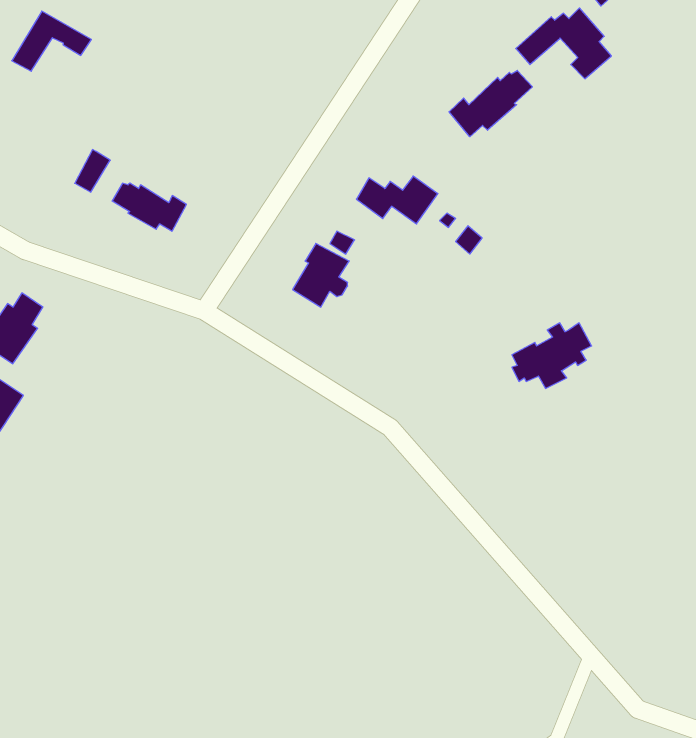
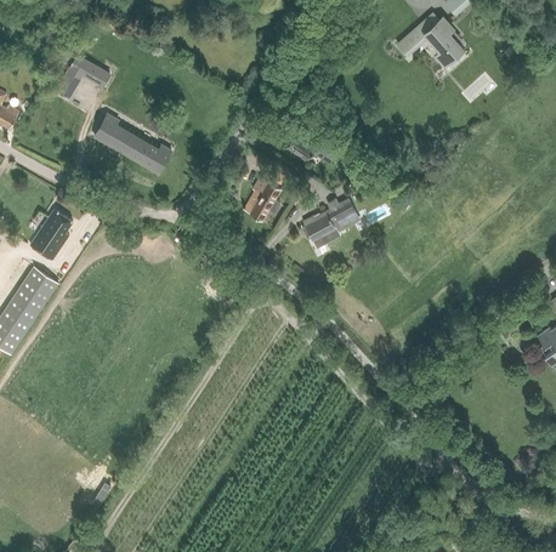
building: [12,11,91,71] -> [55,56,109,97]
building: [449,70,532,137] -> none
building: [512,323,592,388] -> [301,199,356,244]

